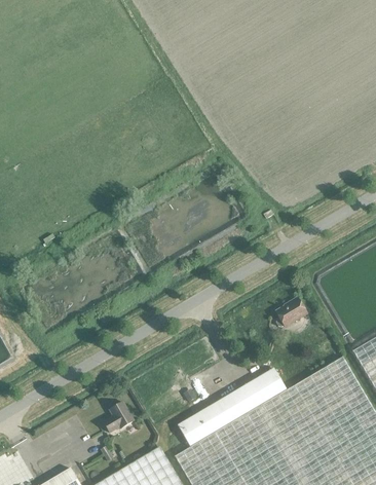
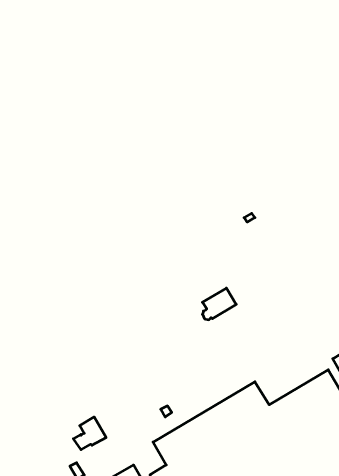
building: [275,299,307,329] -> [202,288,236,320]

